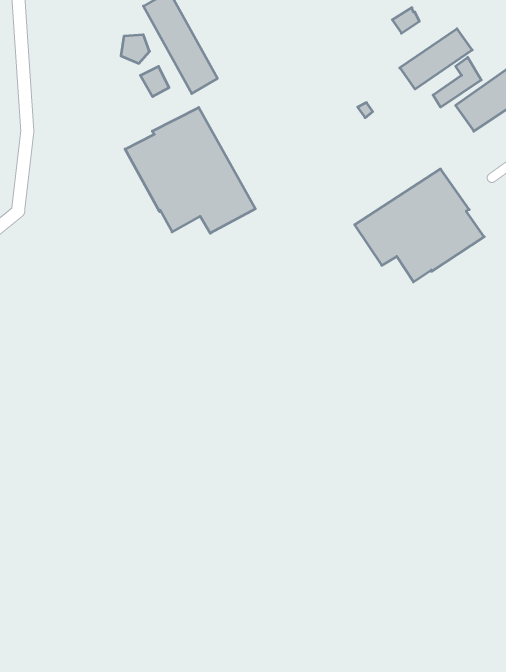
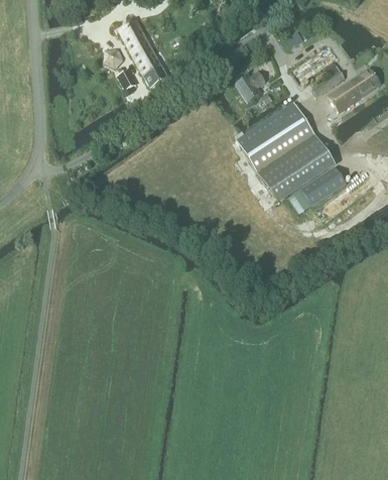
building: none -> [236,73,266,103]
building: [125,107,255,233] -> none
building: none -> [236,101,317,175]

